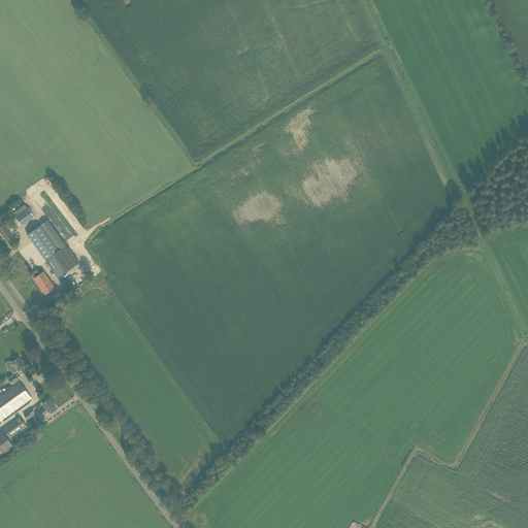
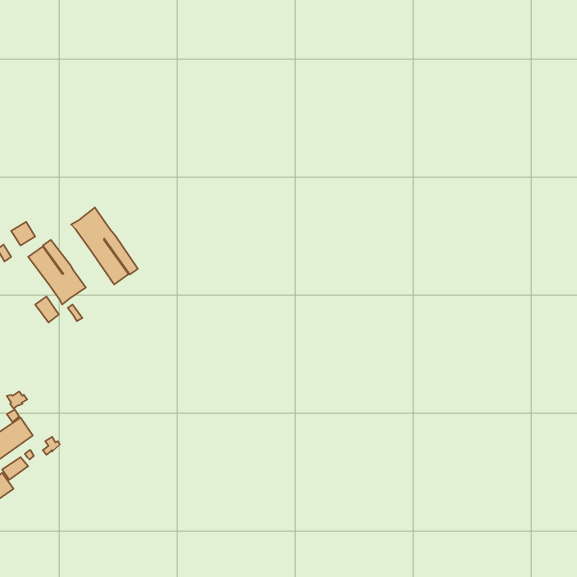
building: none -> [71,208,138,285]

